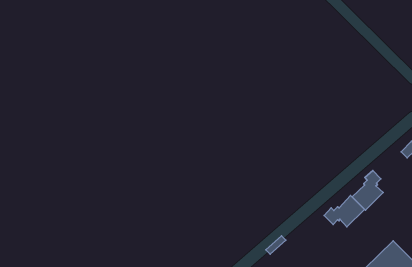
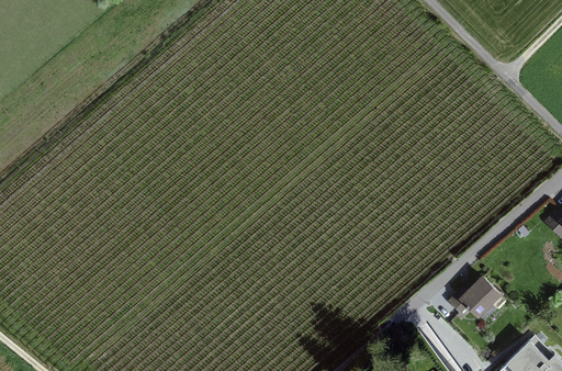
building: [352,170,383,210] -> none

